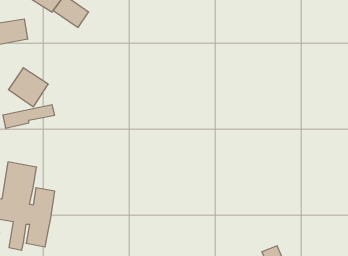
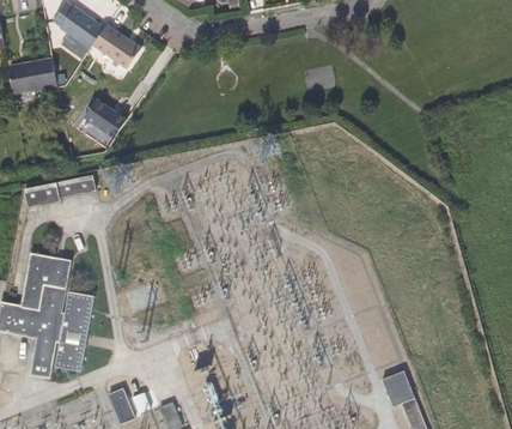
building: [8,68,48,107] -> [73,95,128,149]

